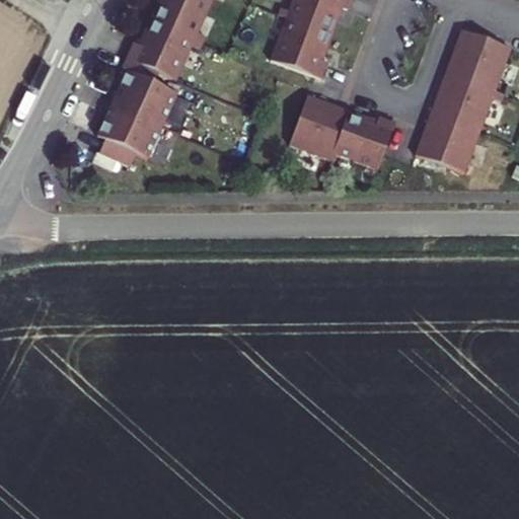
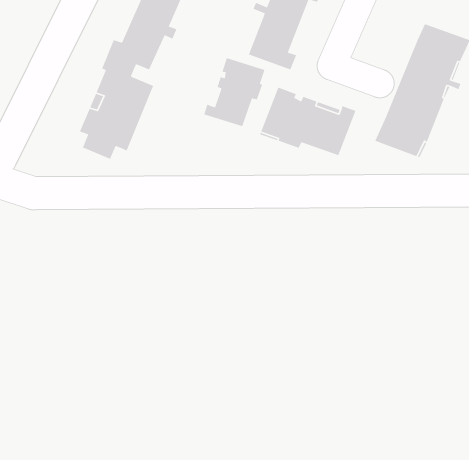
building: none -> [203,57,266,127]

